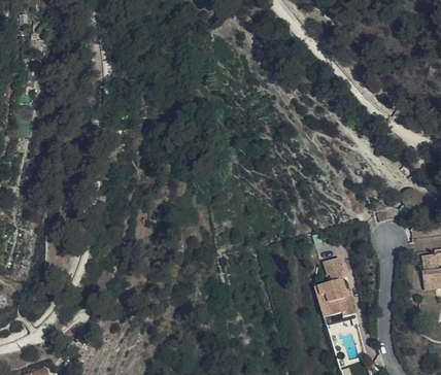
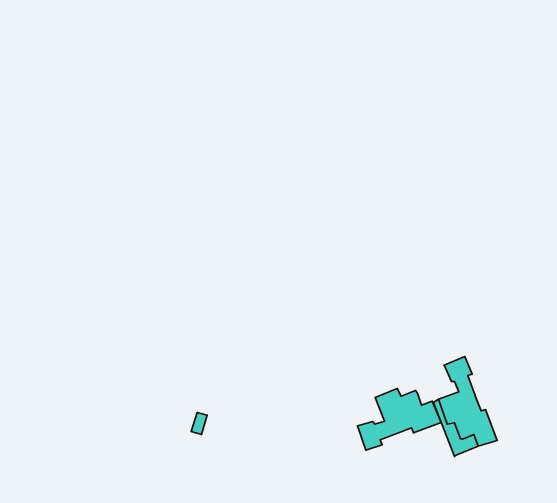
building: none -> [358,388,441,450]

